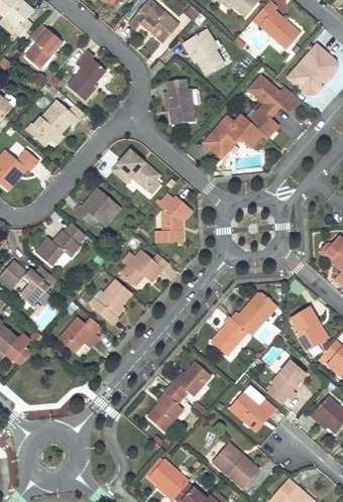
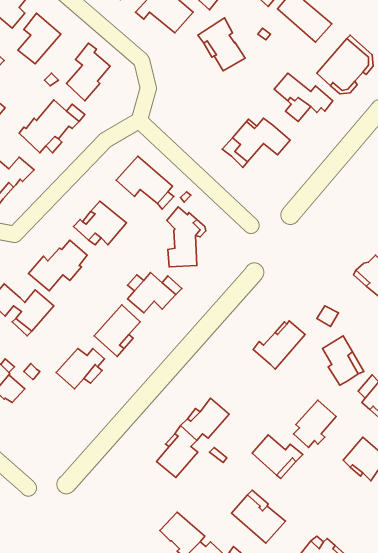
building: [163,80,195,123] -> none
building: [248,109,275,138] -> none
building: [211,316,246,355] -> none

